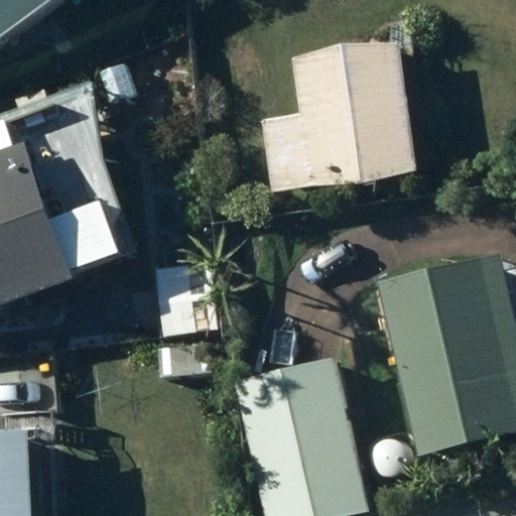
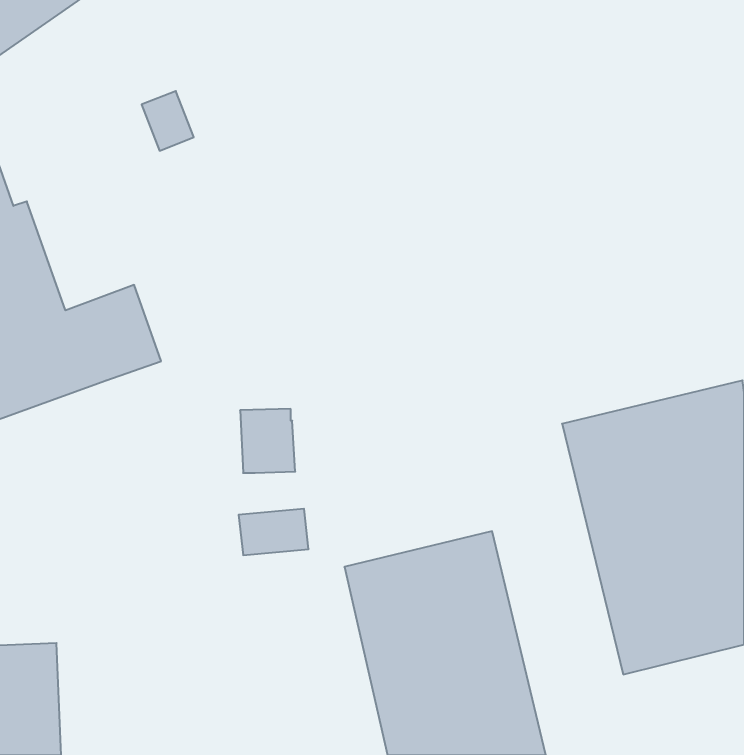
building: [259,43,418,189] -> none

